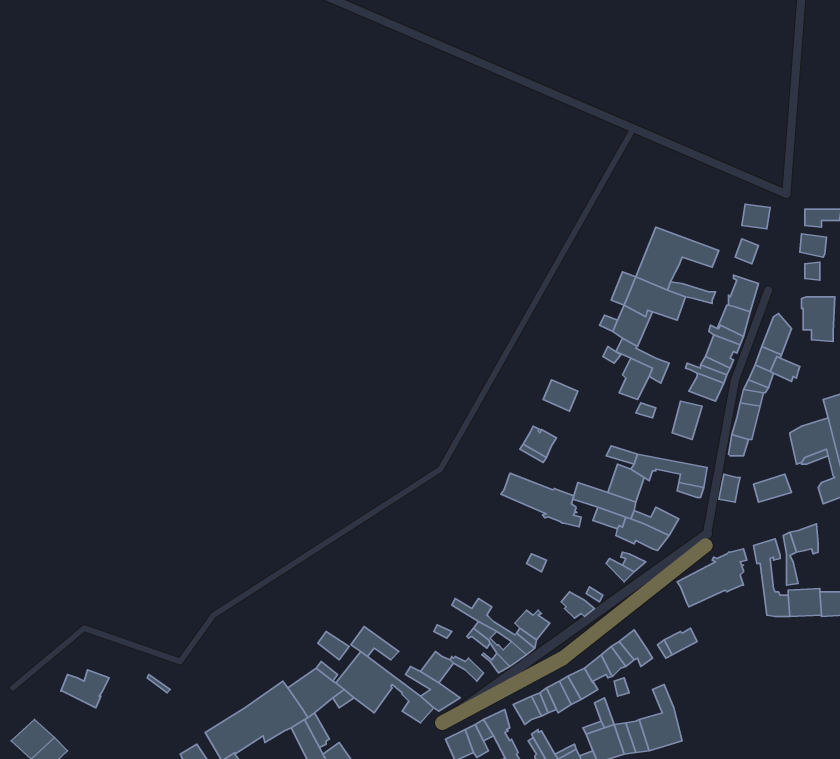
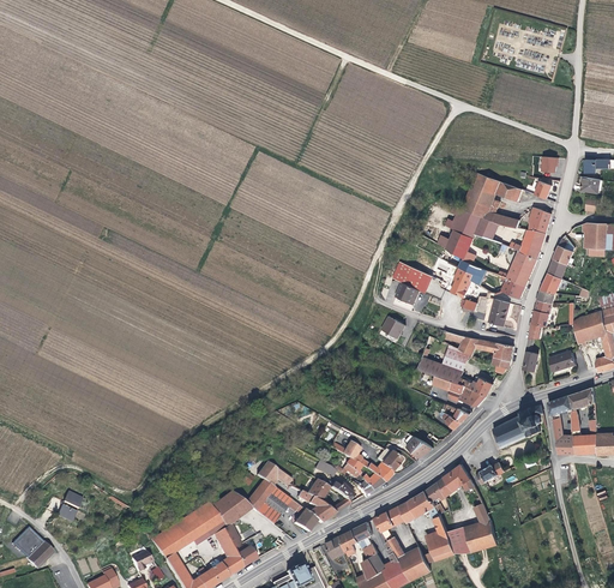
building: none -> [392,262,433,294]
building: [501,473,581,527] -> none

